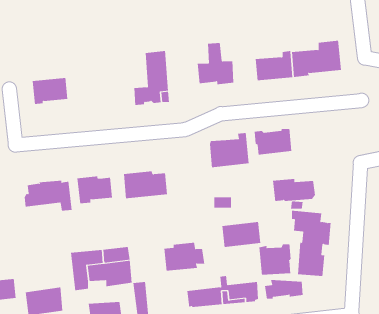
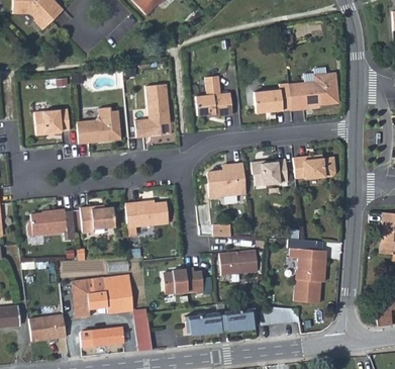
building: none -> [77,107,121,145]
building: [272,179,316,201] -> [294,156,336,178]
building: [259,243,291,276] -> none

